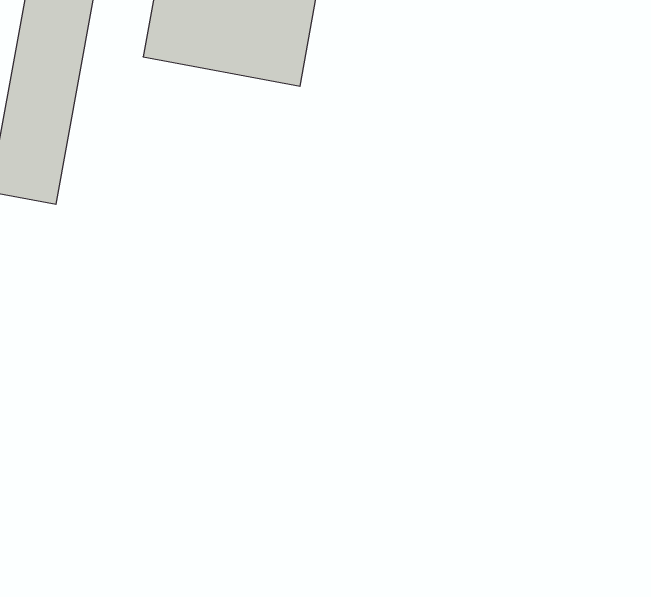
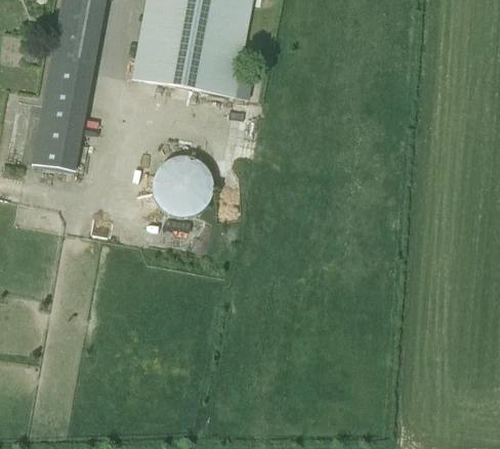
building: none -> [153,156,213,216]

